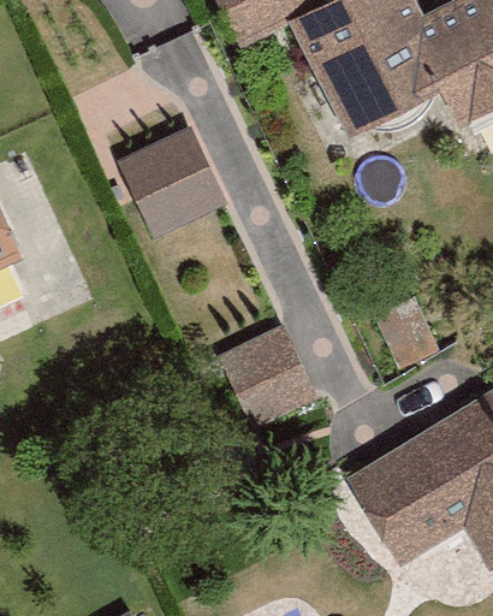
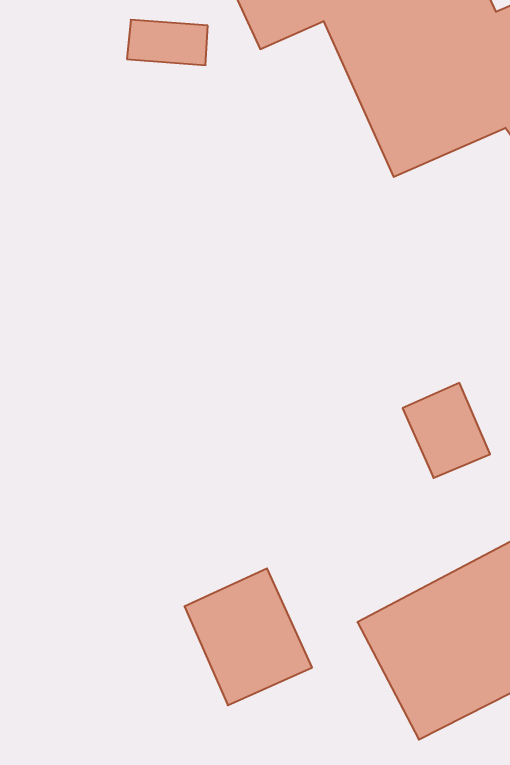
building: [117,114,221,223] -> none
building: [219,327,319,433] -> [184,568,312,705]

